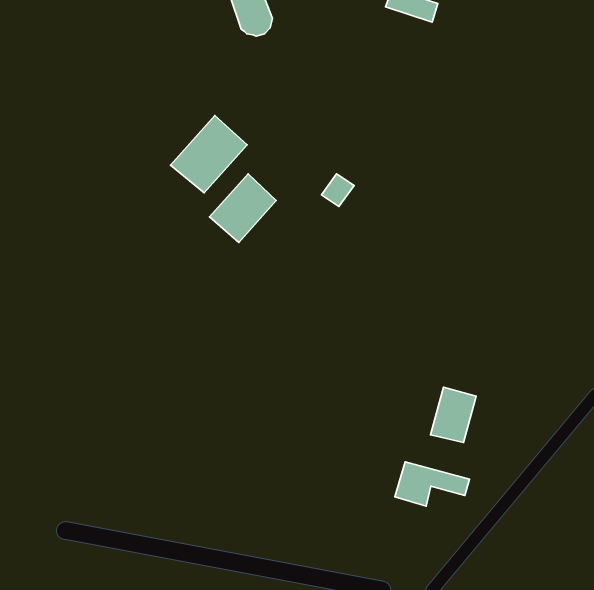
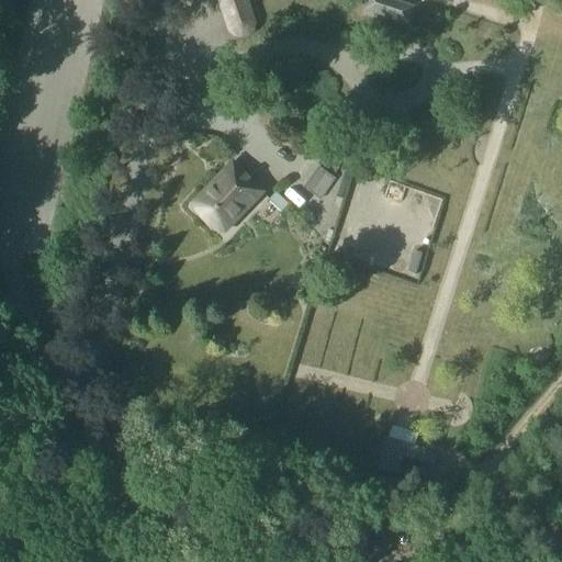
building: [171,115,247,193] -> none
building: [431,387,476,443] -> none

